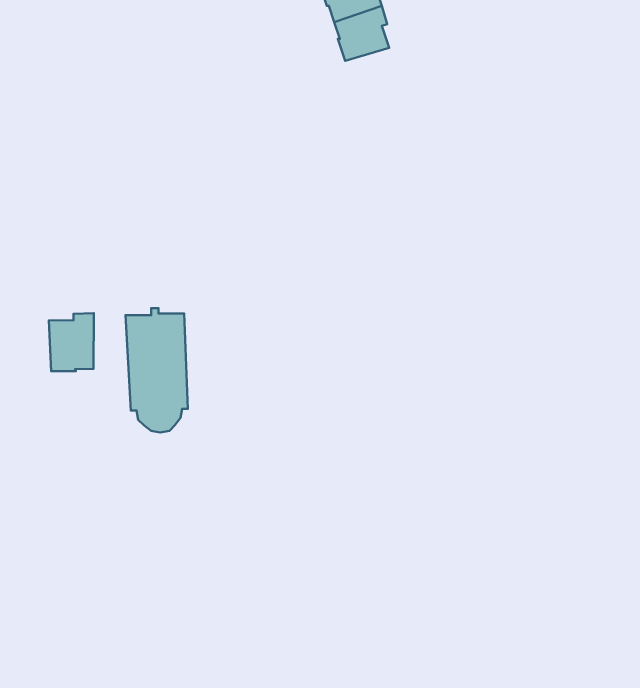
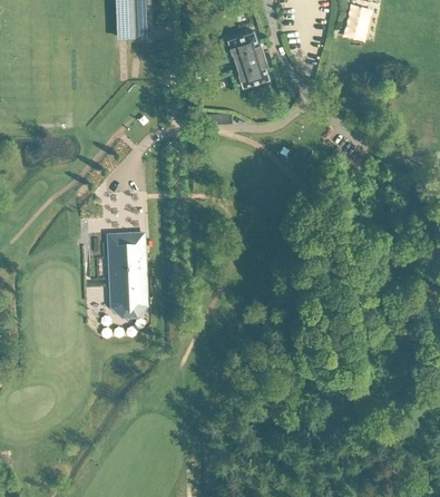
building: [49,313,94,371] -> none

